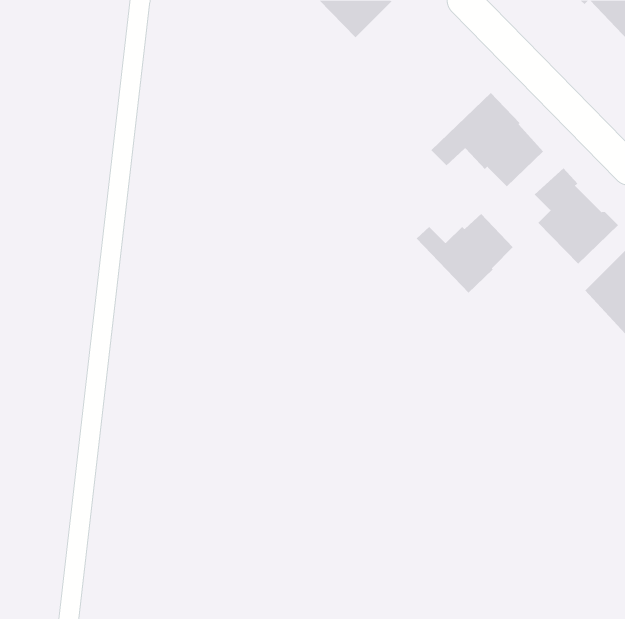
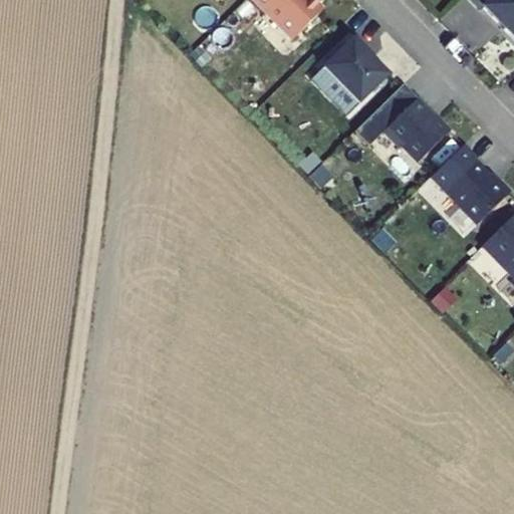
building: none -> [325,36,387,113]
building: [416,213,513,294] -> none

